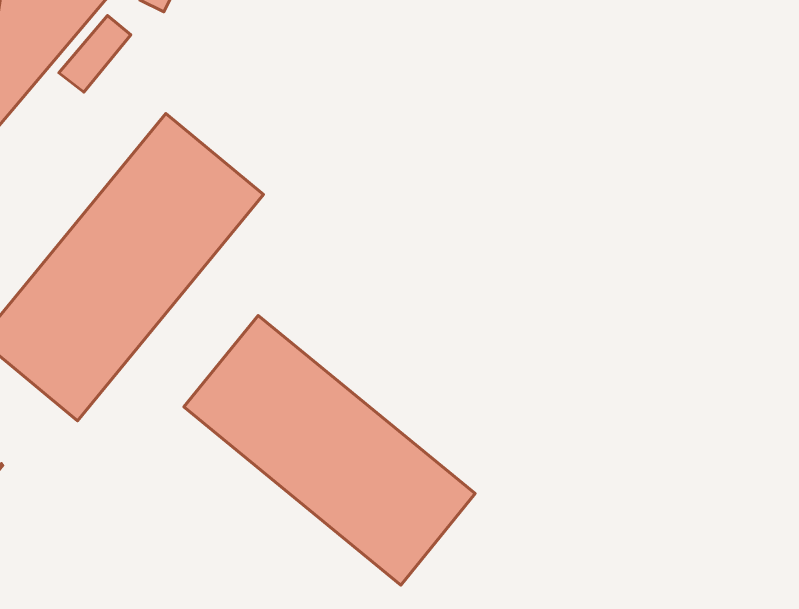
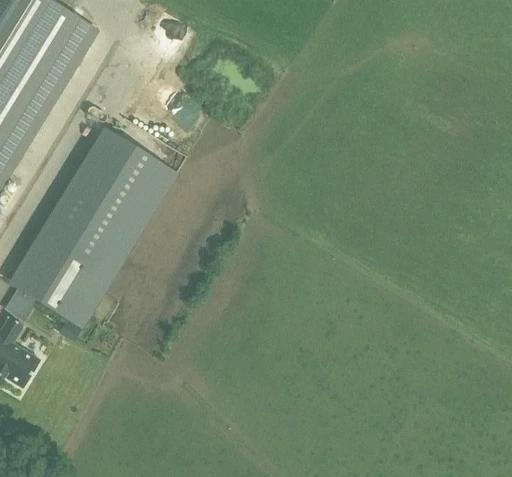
building: [184,315,475,585] -> none

